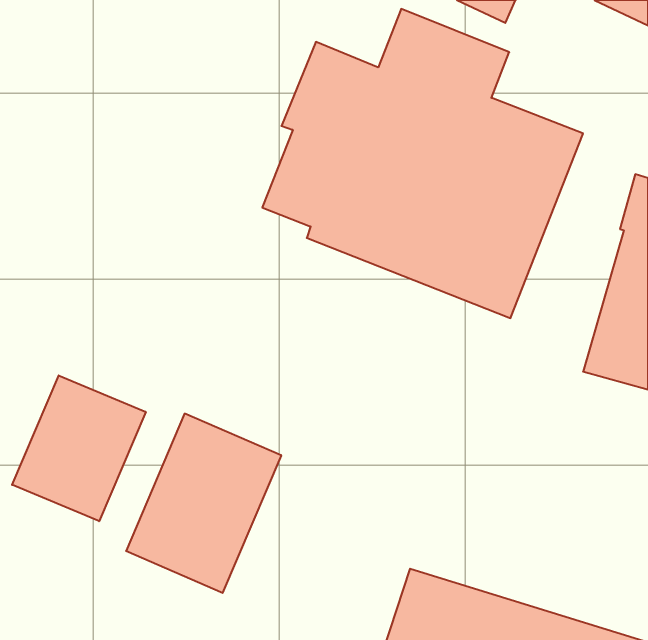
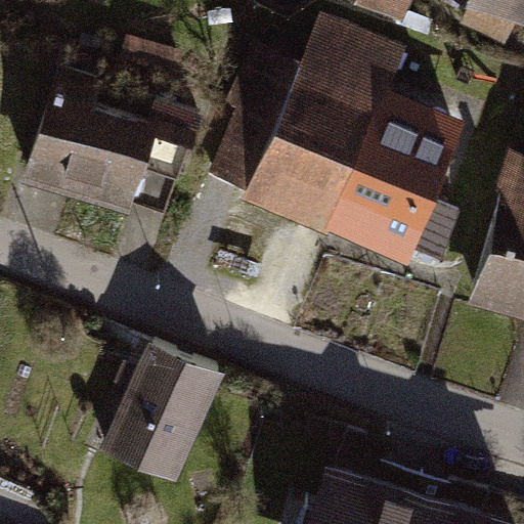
building: none -> [21,67,205,218]
building: [12,375,146,521] -> none

